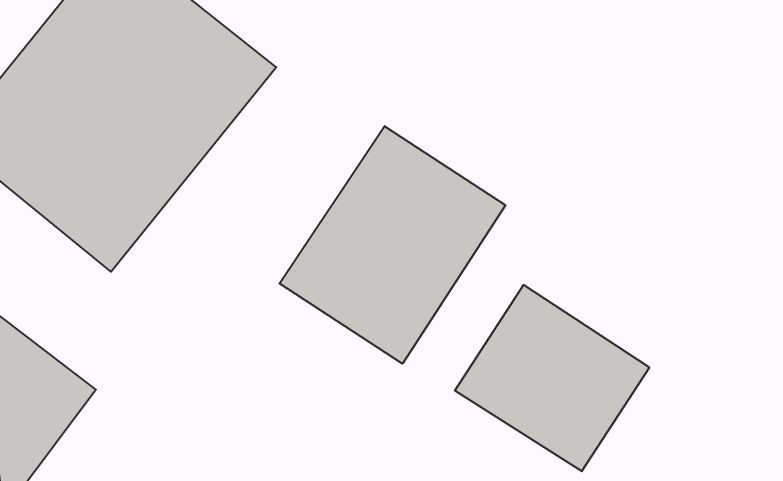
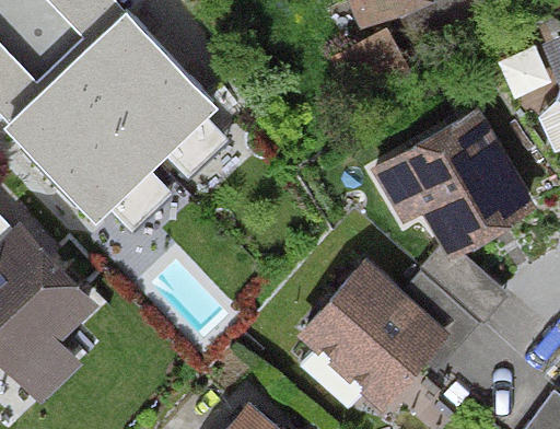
building: none -> [408,126,516,246]
building: [279,126,505,364] -> none

